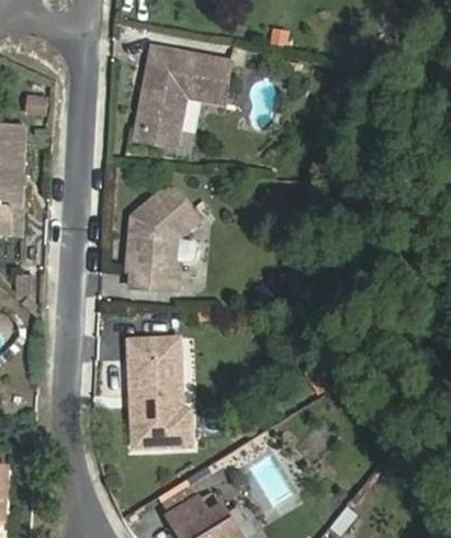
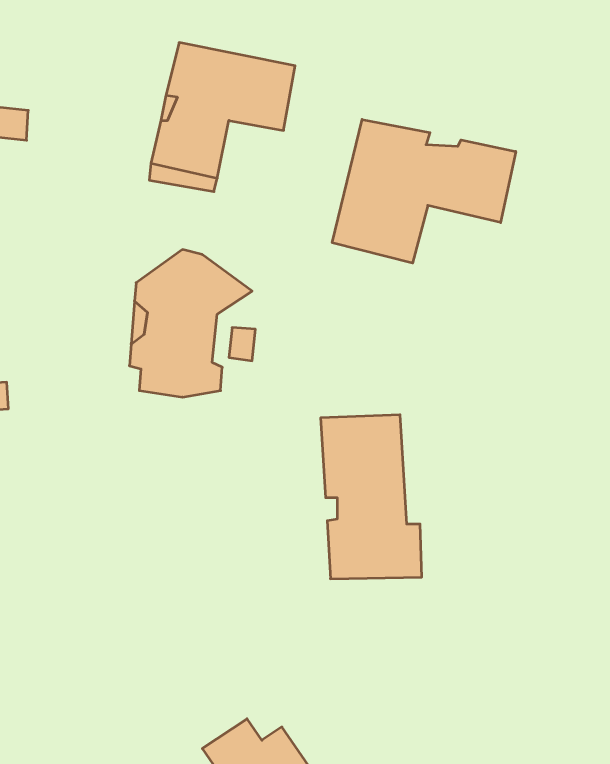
building: none -> [332,119,516,263]
building: [128,337,195,446] -> [321,415,422,579]

